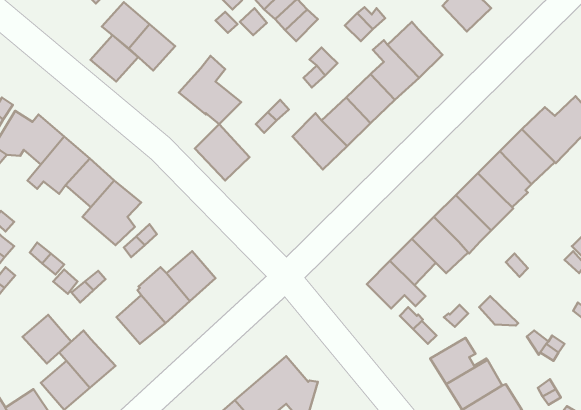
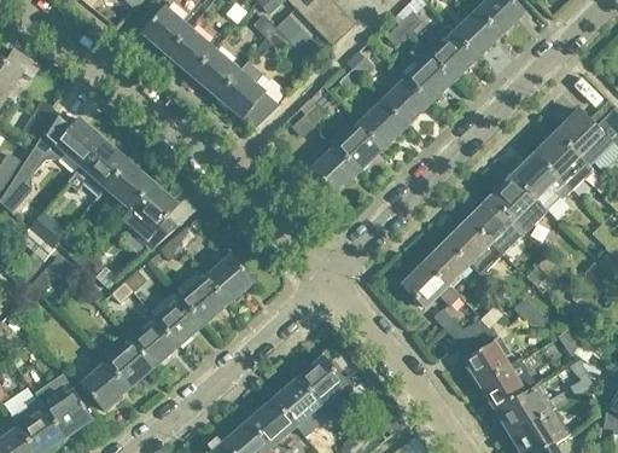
building: none -> [453,10,501,58]
building: [91,35,138,82] -> [191,50,238,95]
building: [195,124,250,180] -> [304,139,358,194]
building: [22,315,71,364] -> [129,318,177,366]

